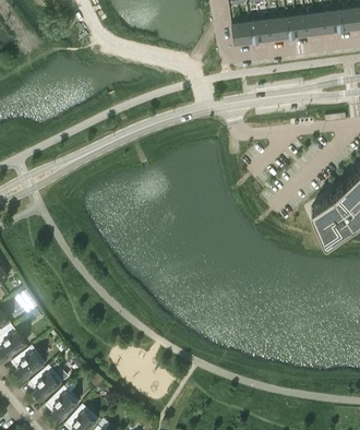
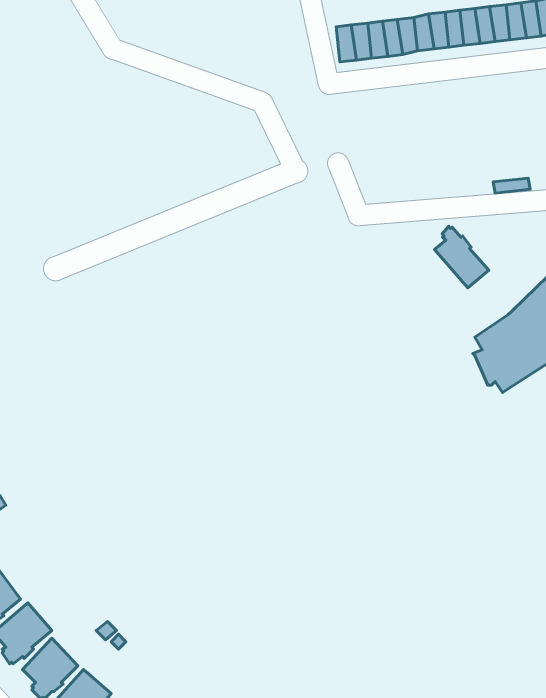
building: none -> [434,226,489,288]

